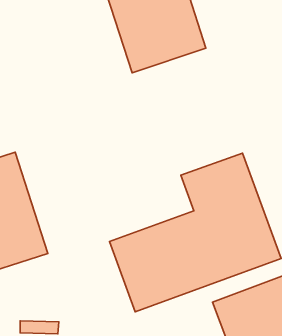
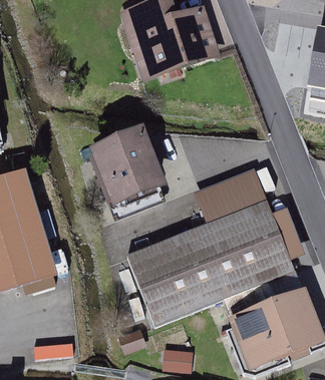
building: none -> [84,118,173,215]

